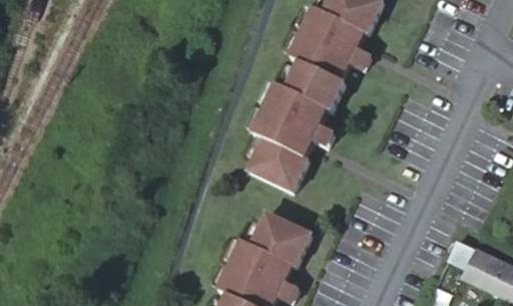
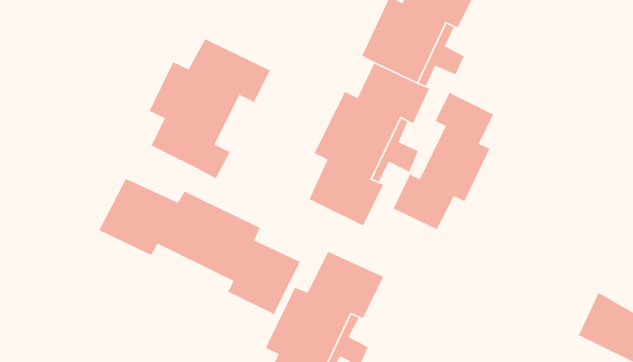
building: none -> [149,38,271,180]
building: none -> [392,91,494,230]
building: none -> [98,178,301,315]

